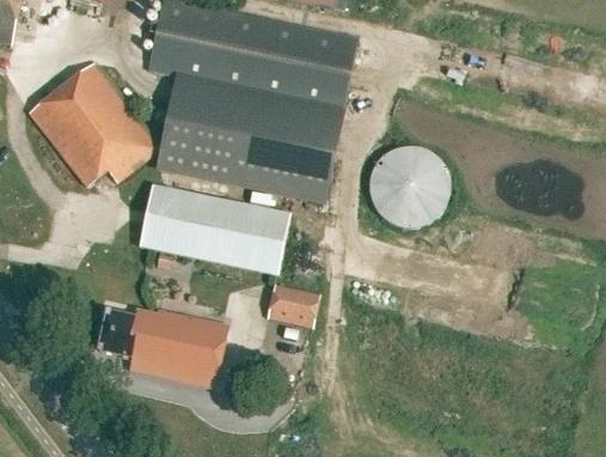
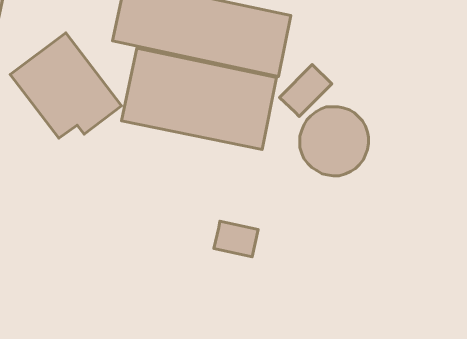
building: none -> [280,65,332,117]
building: [139,183,288,273] -> none
building: [97,309,227,386] -> none

